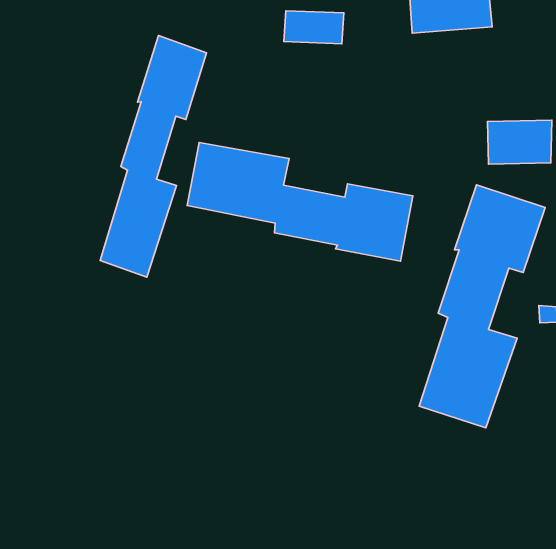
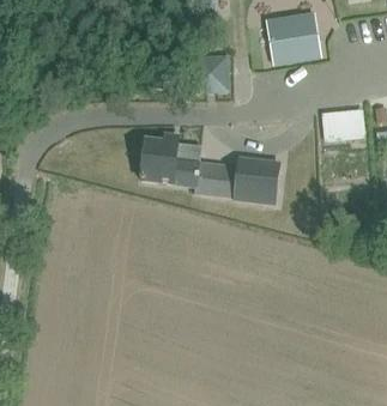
building: [100,35,207,277] -> none
building: [419,185,545,428] -> none

